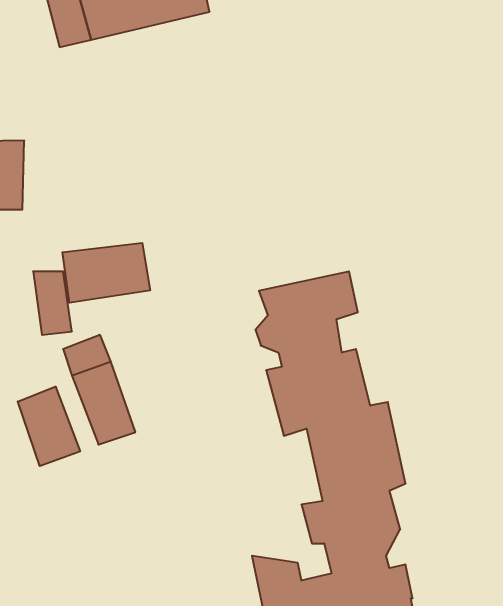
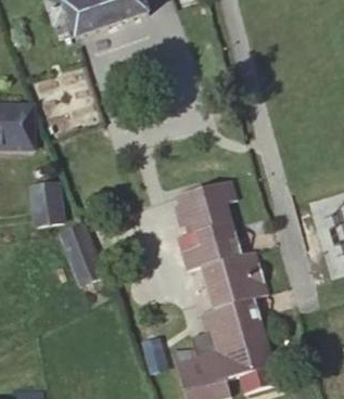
building: [62,243,150,303] -> none
building: [18,387,80,466] -> none

